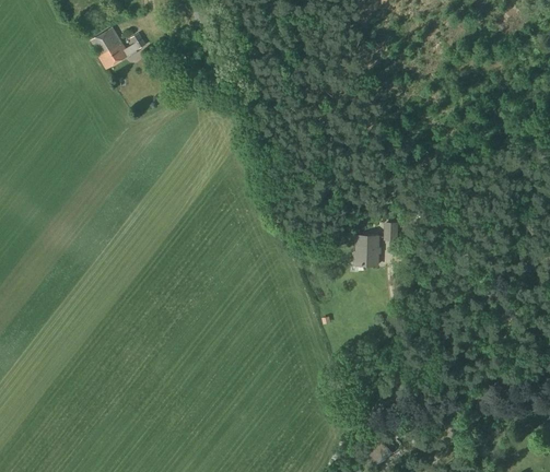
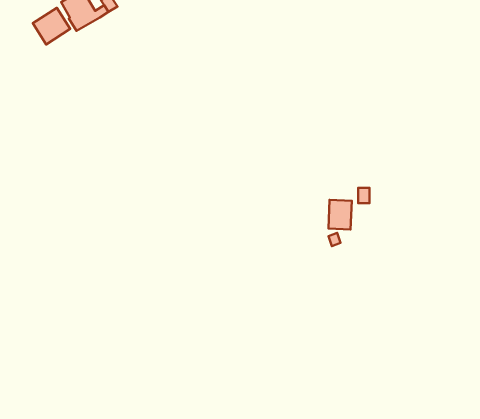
building: none -> [33,8,70,44]

